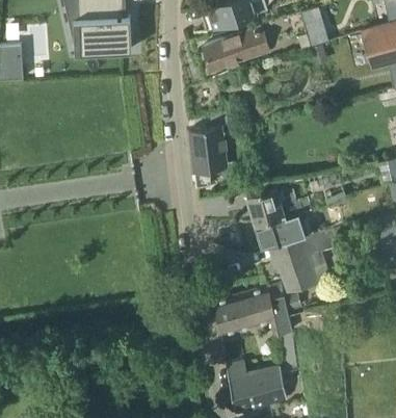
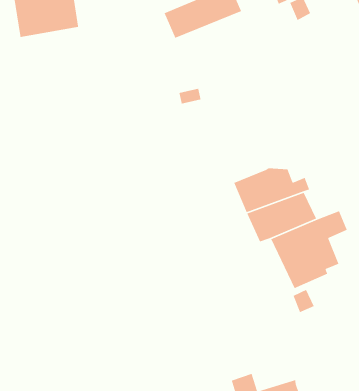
building: [189,128,237,188] -> none
building: [213,285,295,367] -> none

